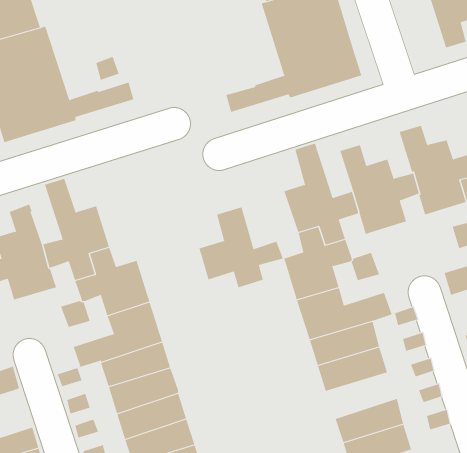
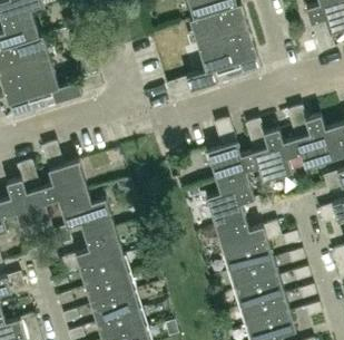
building: [198,206,283,288] -> none
building: none -> [235,278,285,310]

